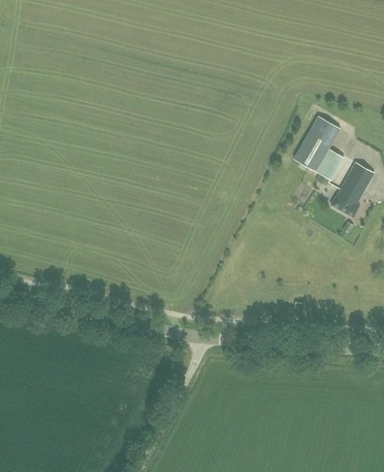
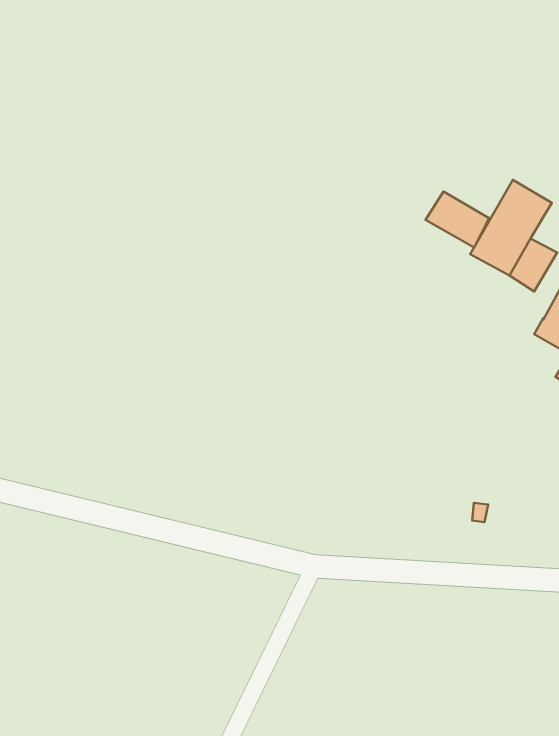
building: none -> [426,191,489,247]

